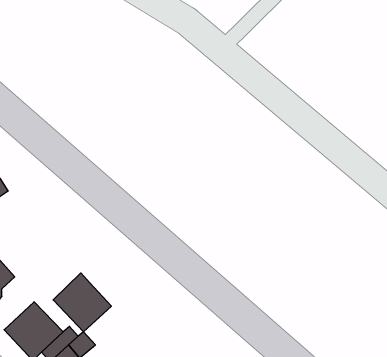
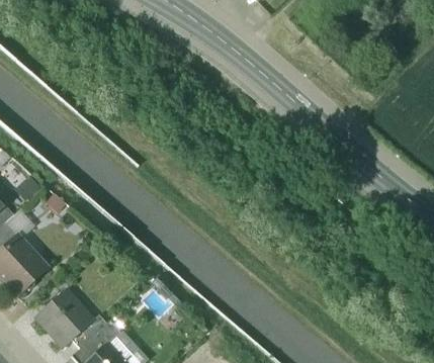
building: [53,273,111,332] -> none

